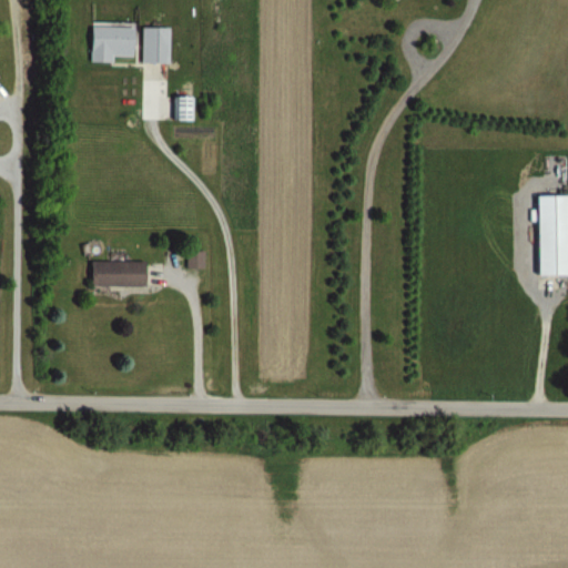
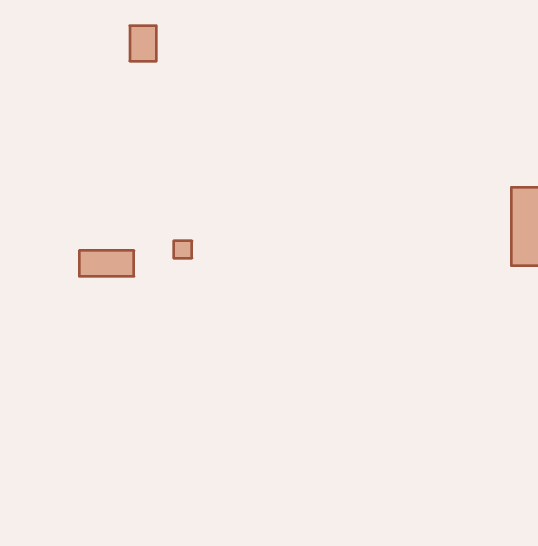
building: [92,24,136,62] -> none
building: [176,97,195,120] -> none

